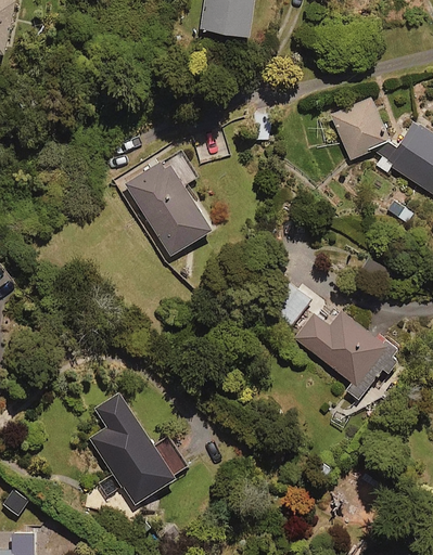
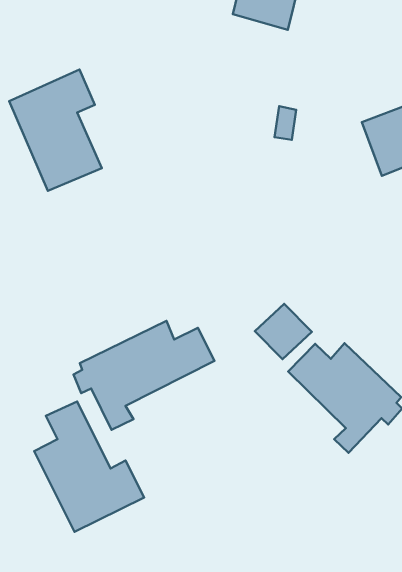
building: [124,149,212,256] -> [9,70,102,191]
building: none -> [74,321,214,430]

